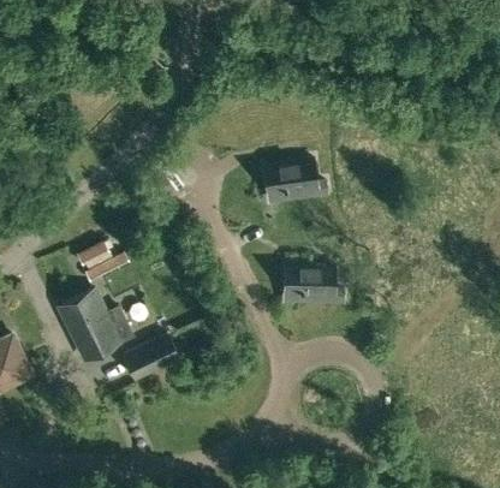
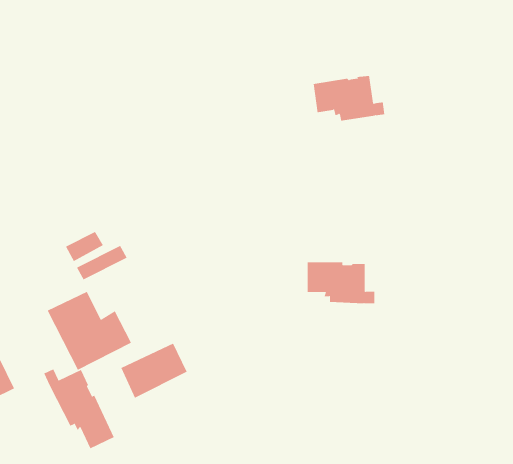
building: [263,160,326,200] -> [313,75,385,121]
building: none -> [43,368,115,449]

